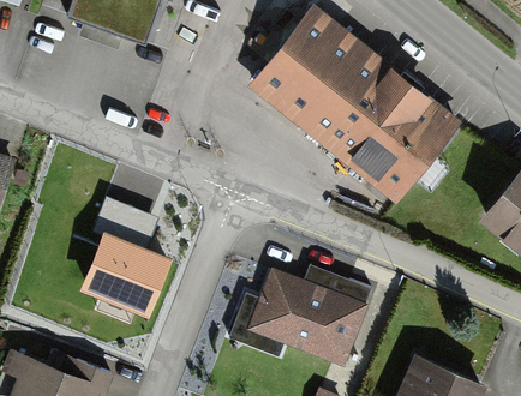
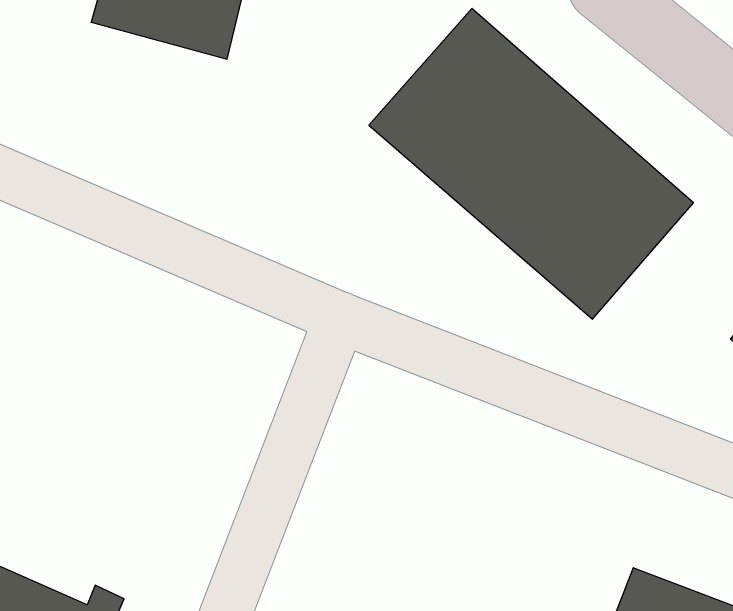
building: [83,203,169,319] -> none
building: [245,260,373,362] -> none

